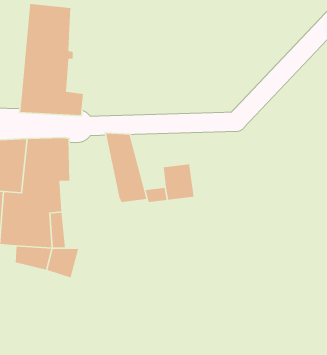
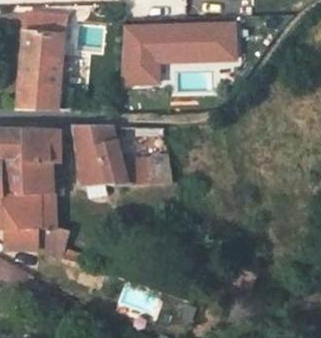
building: none -> [113,19,229,78]
building: none -> [74,128,108,187]

